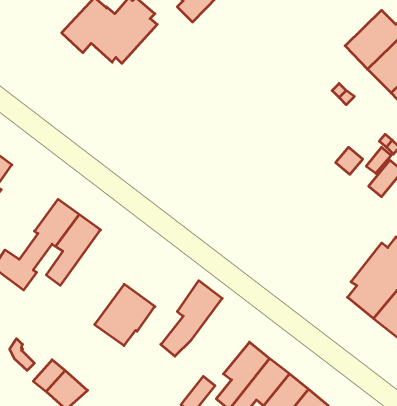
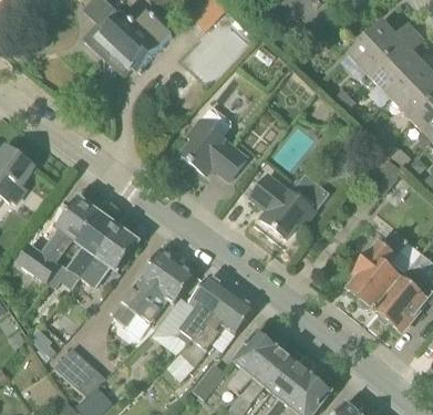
building: none -> [179,106,246,178]
building: none -> [249,172,329,237]
building: none -> [80,225,137,287]
building: none -> [140,247,195,302]
building: none -> [167,289,255,380]

